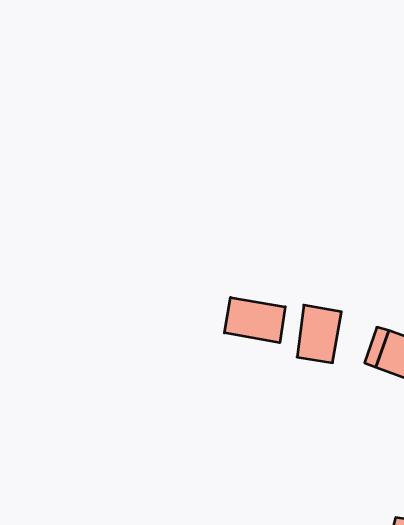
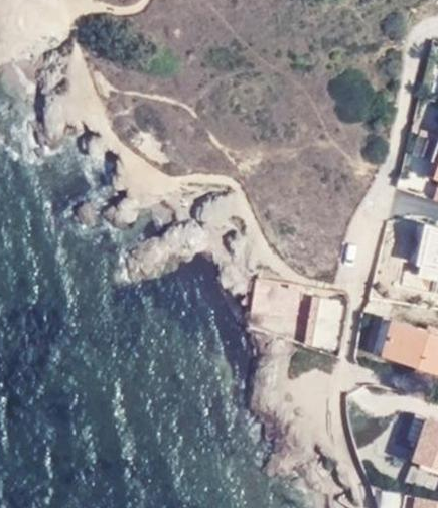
building: [224,297,285,343] -> none

